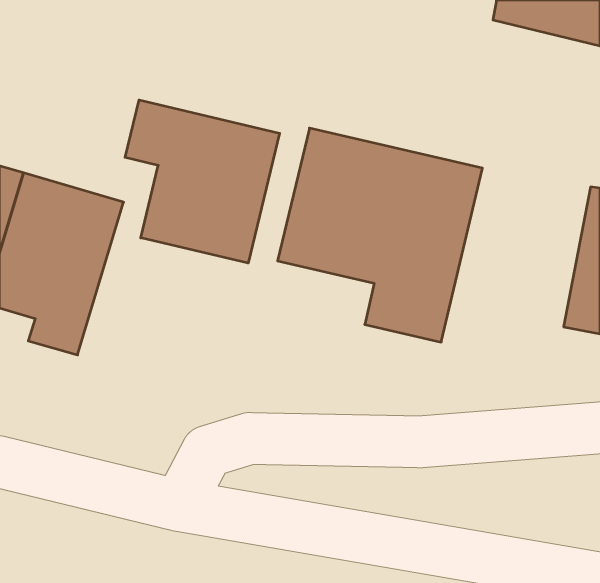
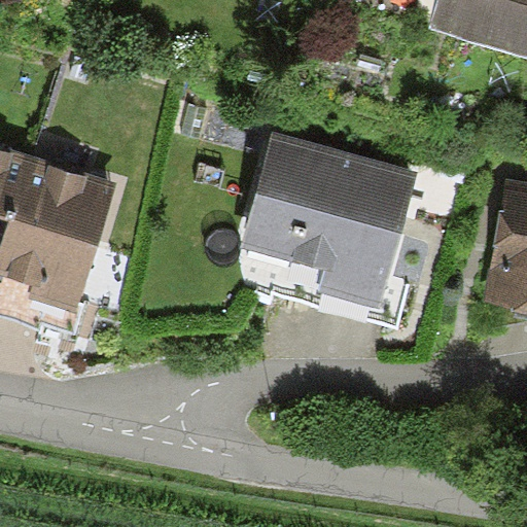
building: [125,100,280,263] -> none

